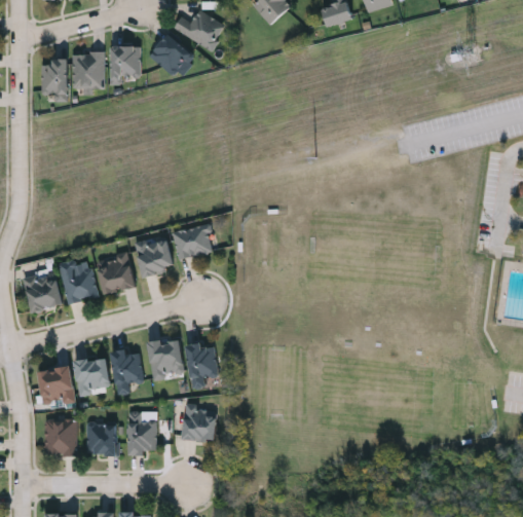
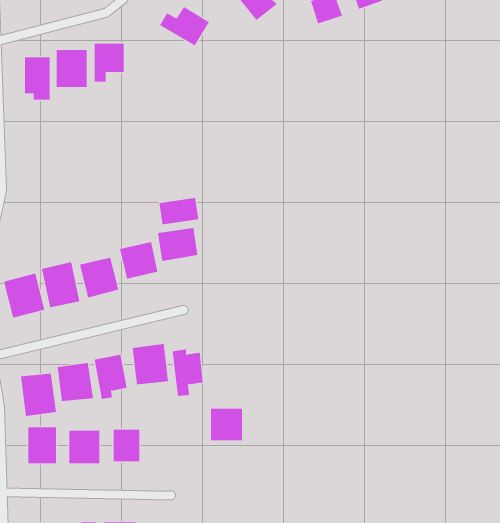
building: [149,33,193,77] -> none
building: none -> [159,197,199,225]
building: [183,408,215,440] -> [210,408,243,441]

